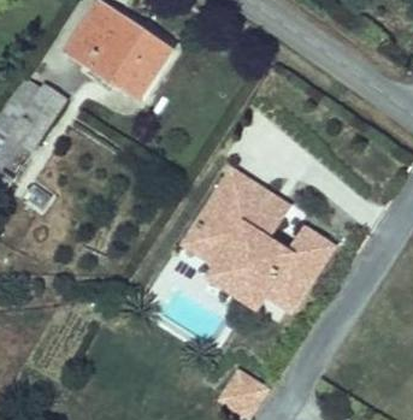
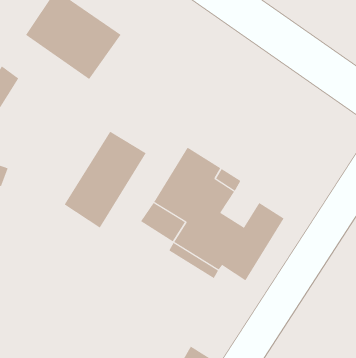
building: none -> [64,131,147,229]

